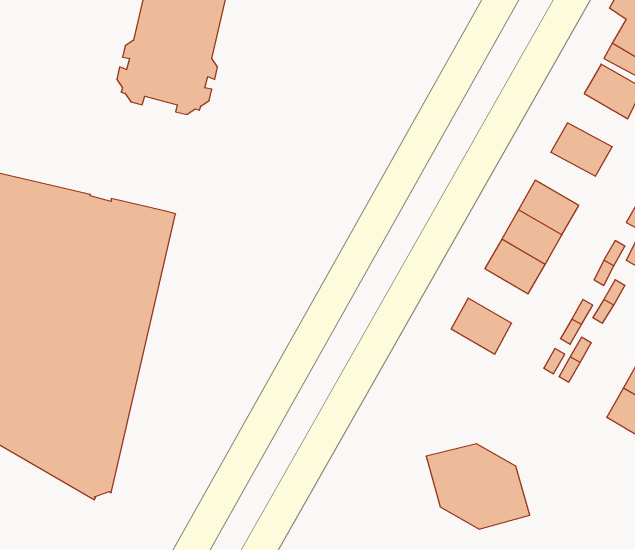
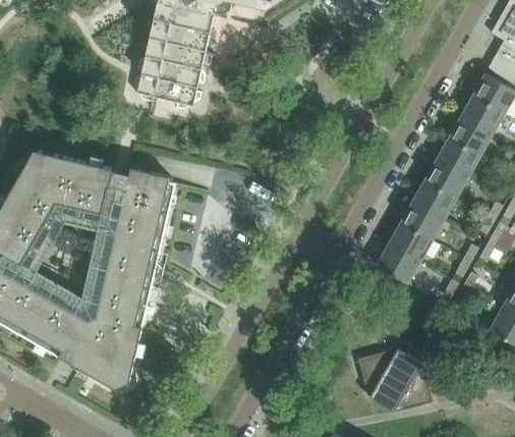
building: none -> [461,94,505,132]
building: none -> [438,136,481,175]
building: none -> [389,221,433,261]

